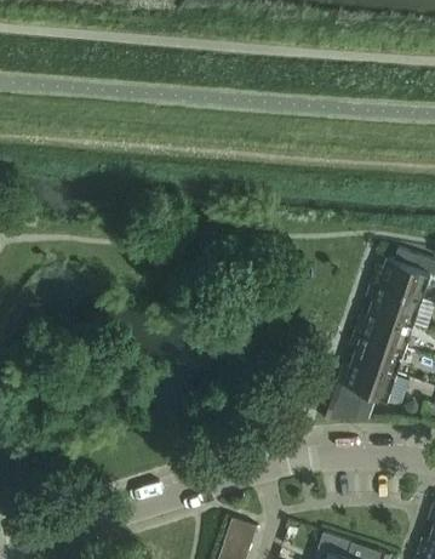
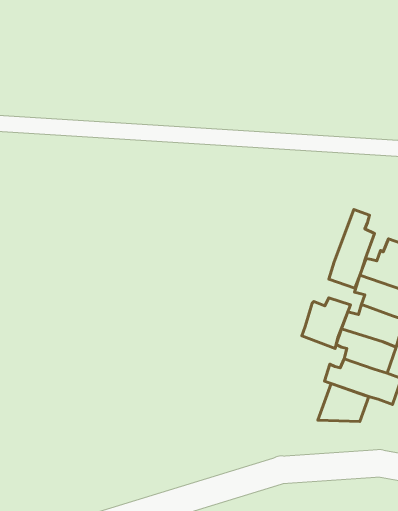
building: none -> [329,210,375,288]
building: none -> [302,298,350,348]

